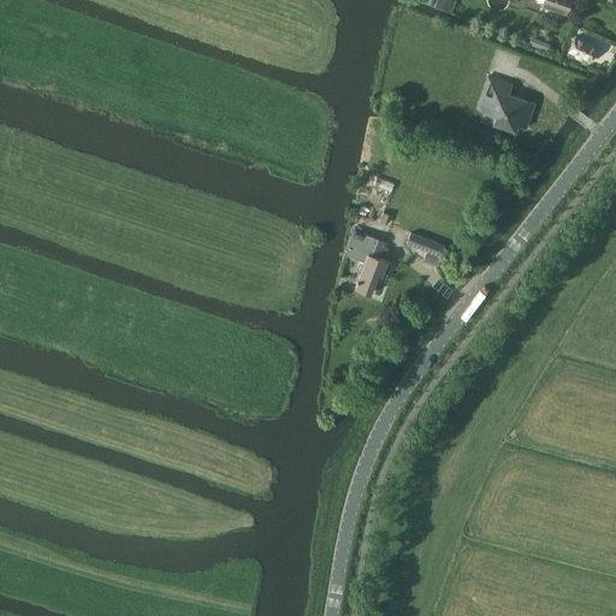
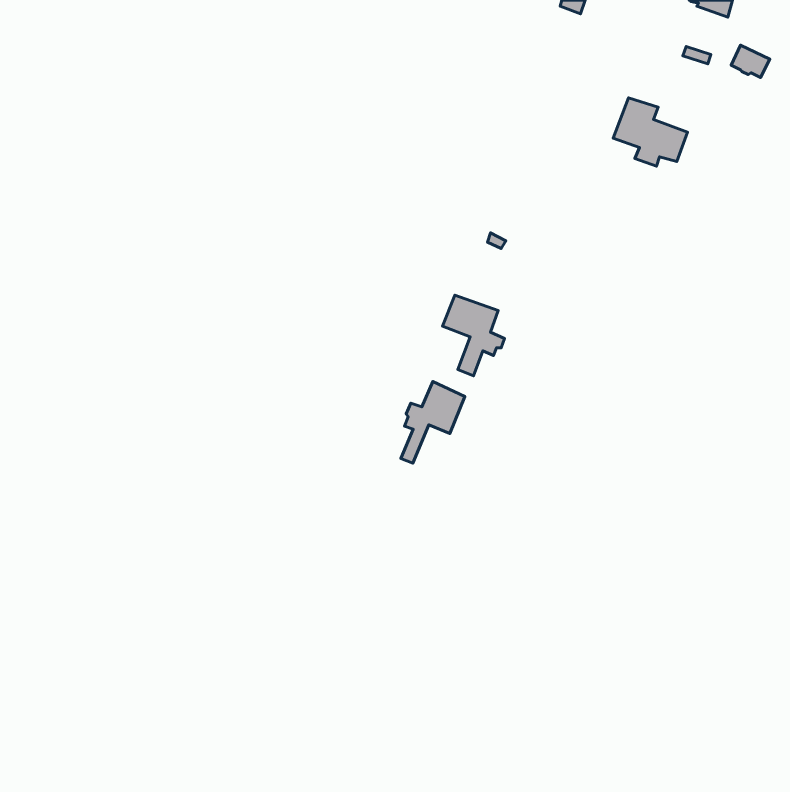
building: [409,233,446,266] -> none
building: none -> [401,382,465,463]

